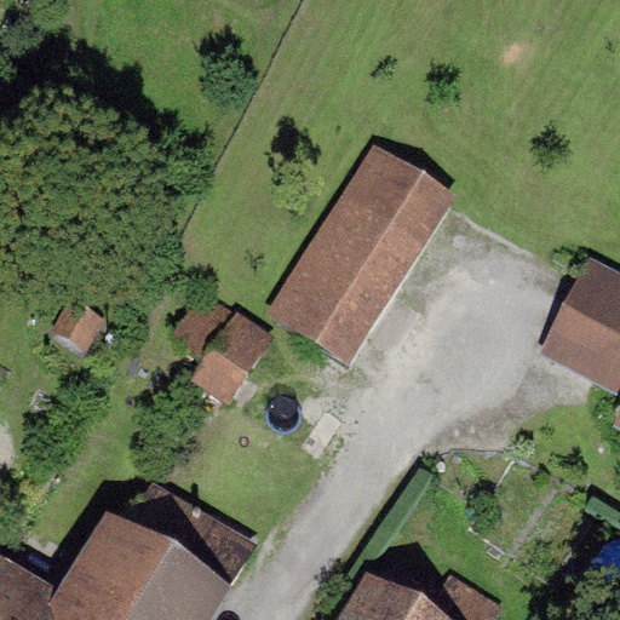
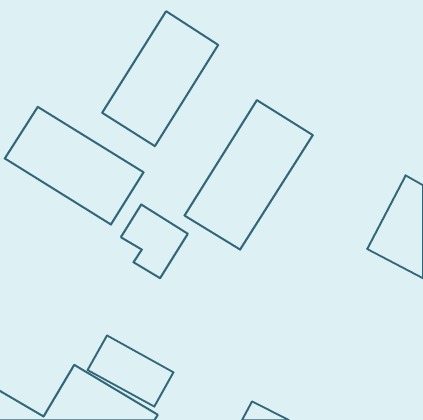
building: none -> [102,11,218,146]
building: none -> [5,107,144,225]

